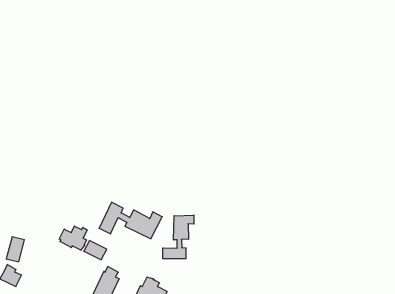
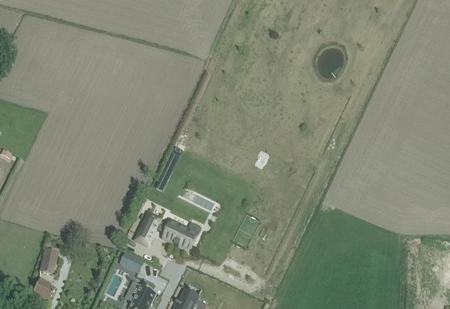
building: [163,215,194,259] -> none
building: [59,226,87,250] -> none

